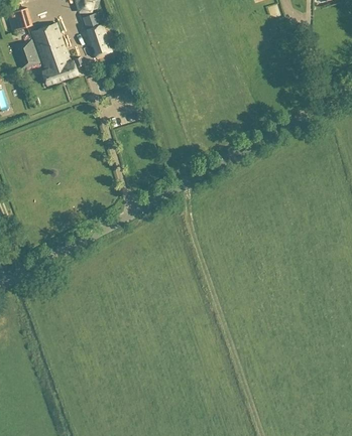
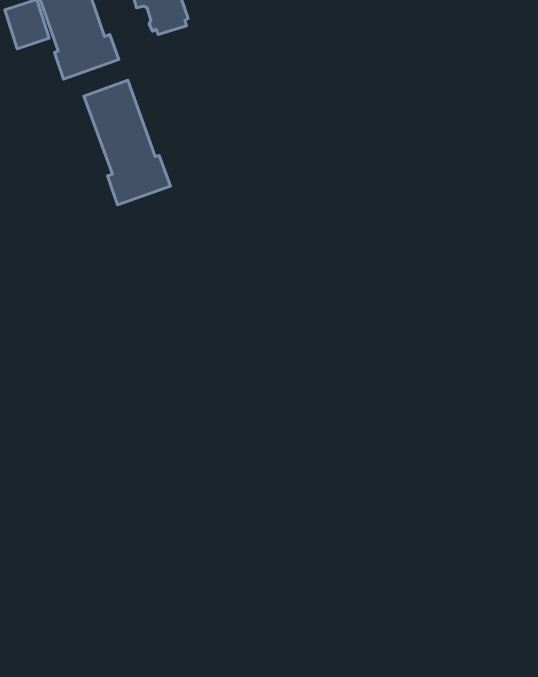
building: none -> [84,80,170,205]

